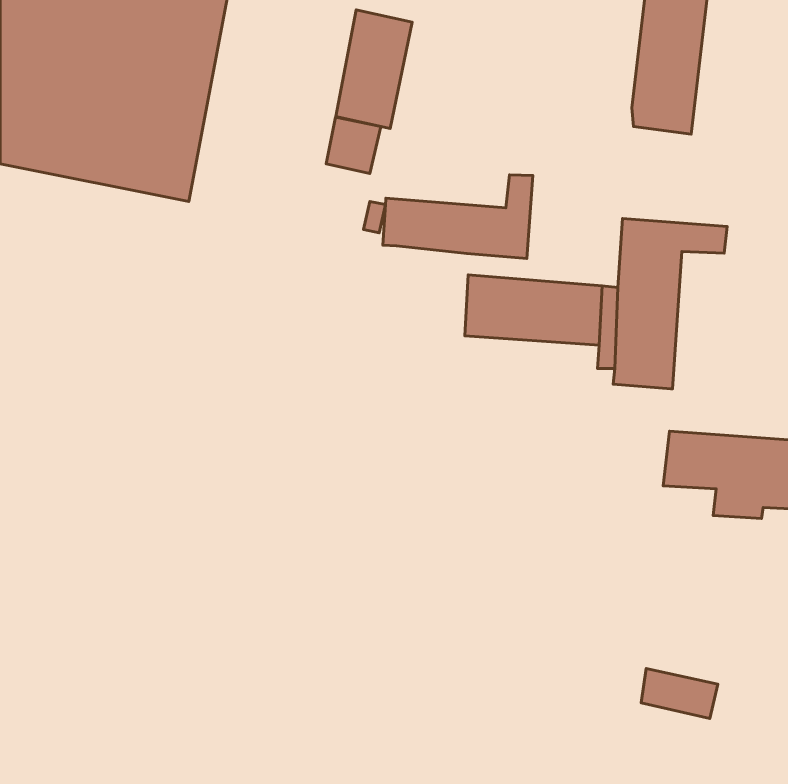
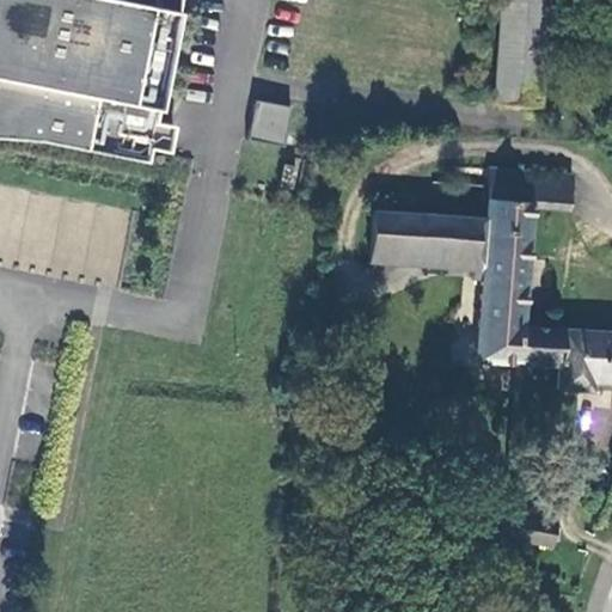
building: [336,10,412,129] -> none
building: [383,175,533,258] -> none
building: none -> [472,294,522,372]

